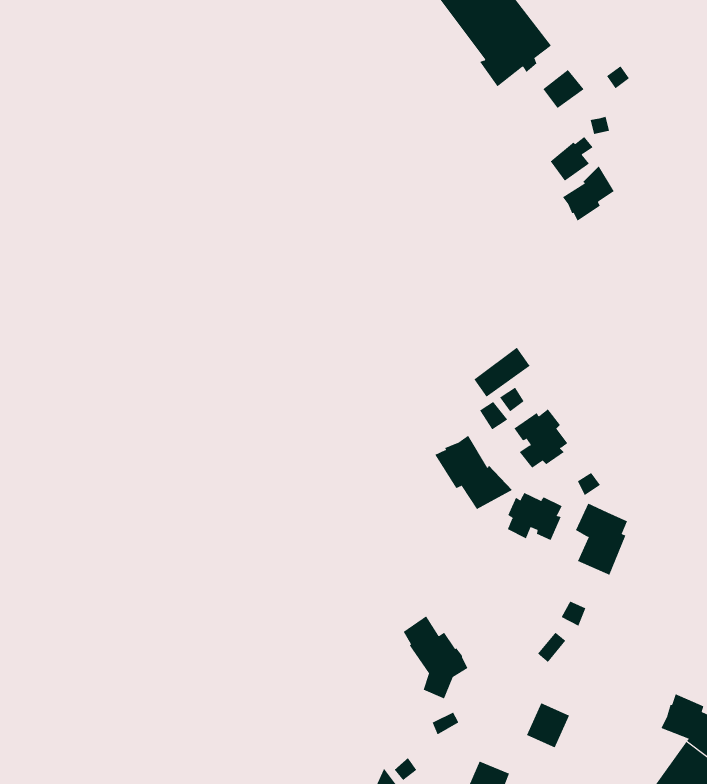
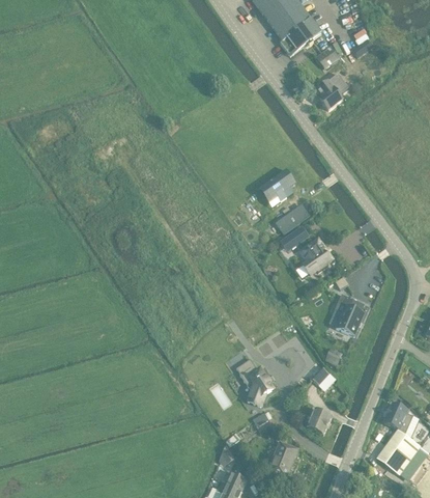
building: [562,165,614,221] -> none
building: none -> [261,170,294,201]
building: [434,435,513,510] -> none
building: [507,492,563,541] -> none

